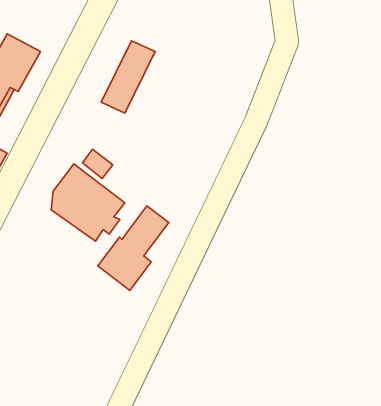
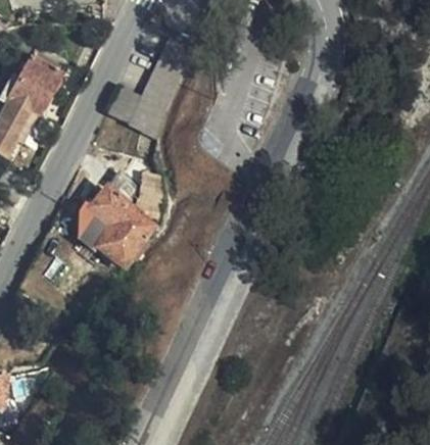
building: [98,206,169,290] -> none

